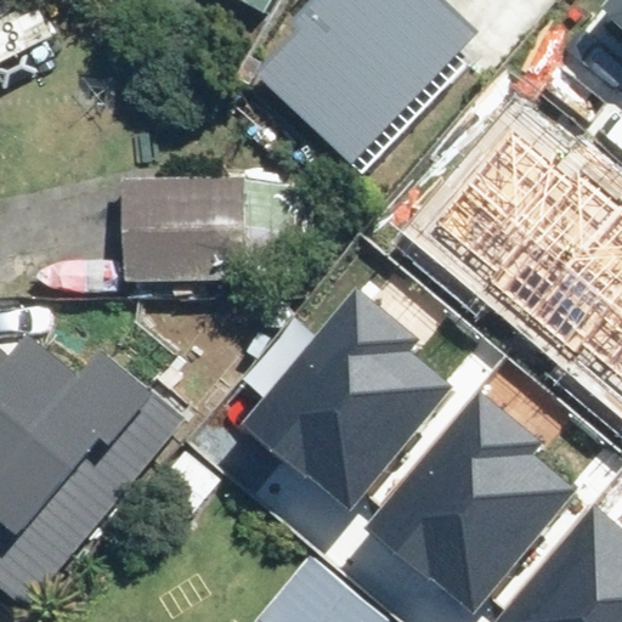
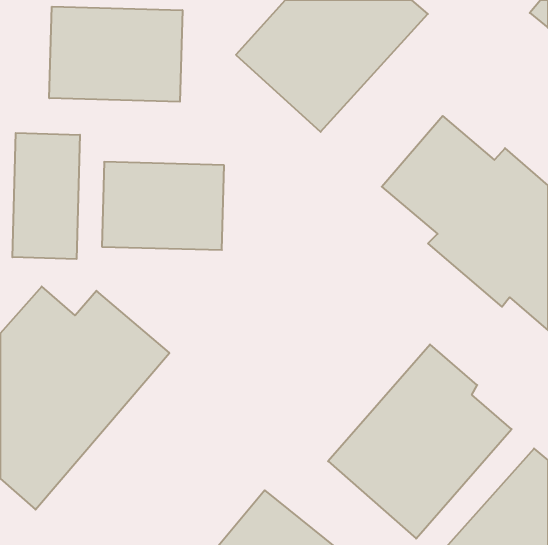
building: none -> [49,7,182,102]
building: none -> [12,133,80,259]
building: [244,294,453,514] -> none

